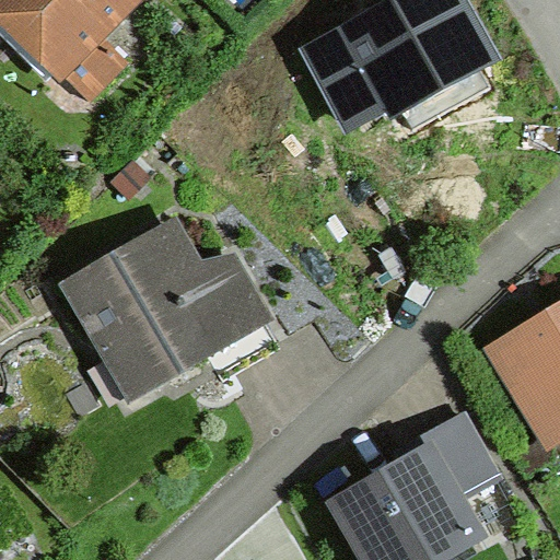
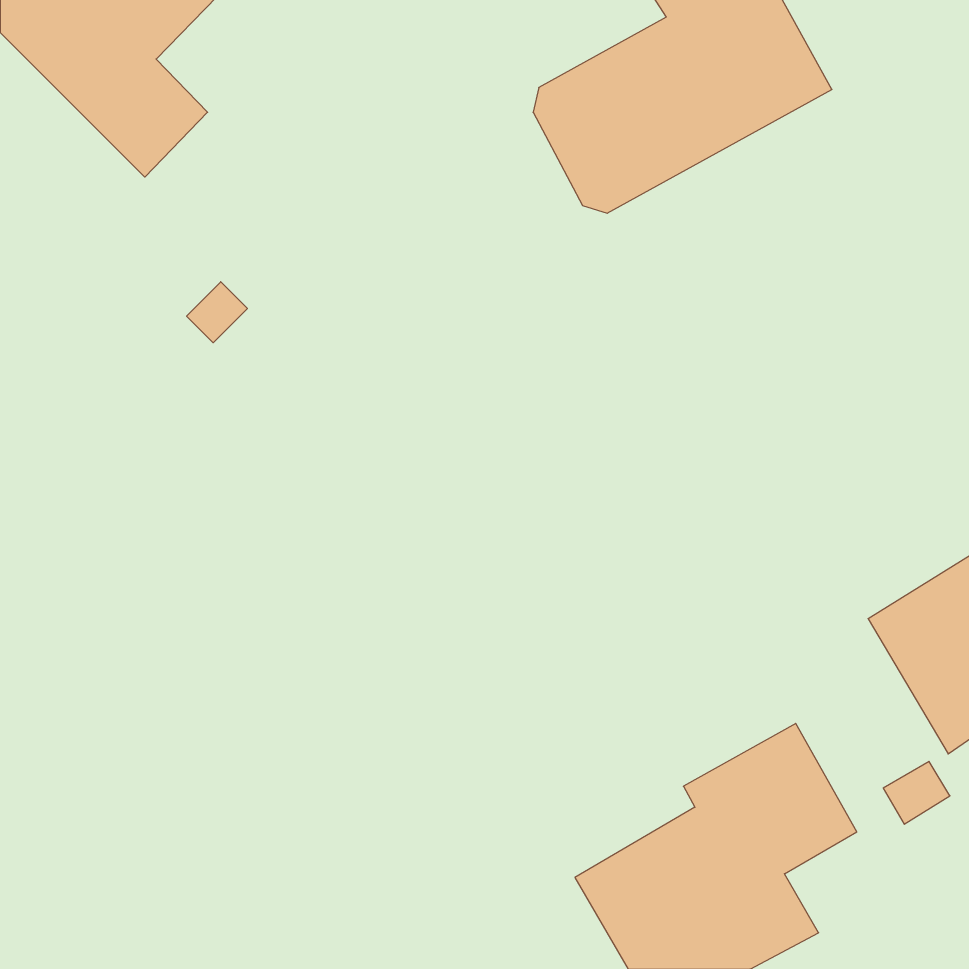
building: [67,226,271,396] -> none

